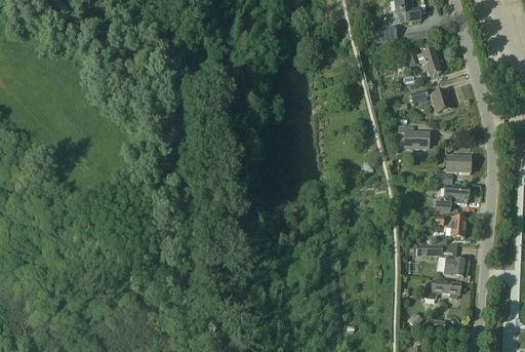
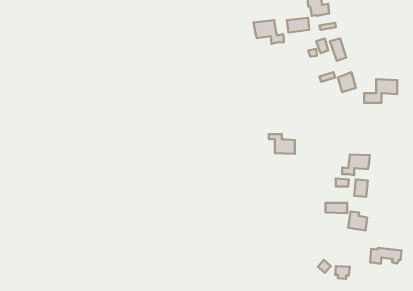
building: none -> [254,20,284,44]
building: [398,125,429,149] -> [269,134,295,154]
building: [432,155,471,183] -> [364,79,397,103]
building: [423,279,460,298] -> [370,248,401,263]

